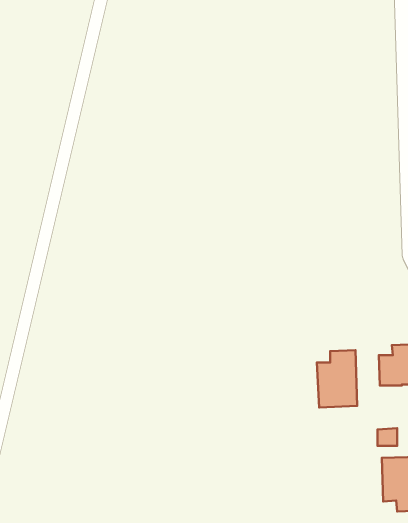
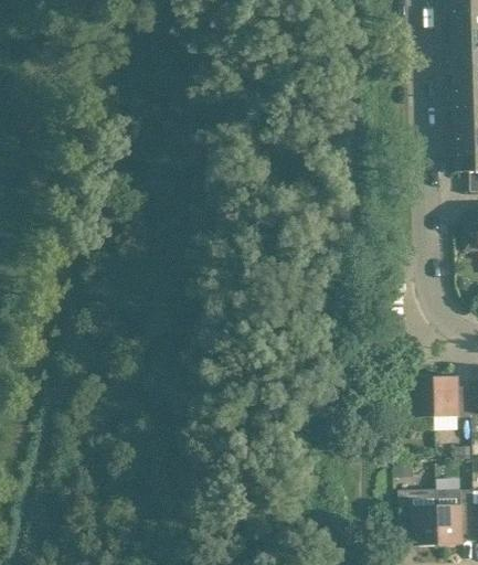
building: [317,350,357,408] -> none

